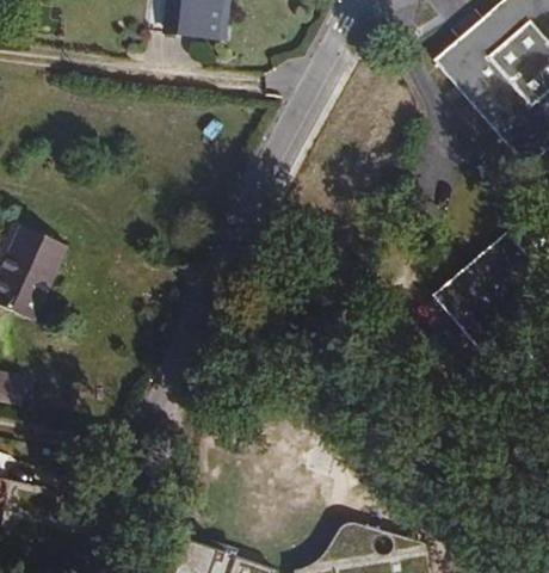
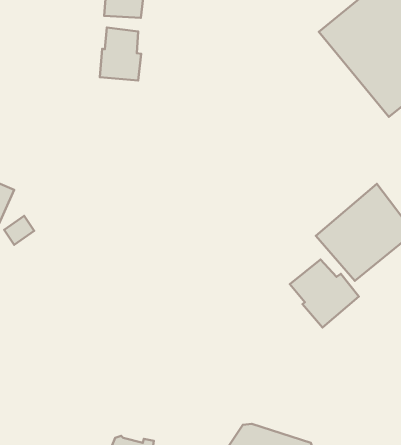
building: none -> [100,28,141,80]
building: none -> [290,259,359,327]

